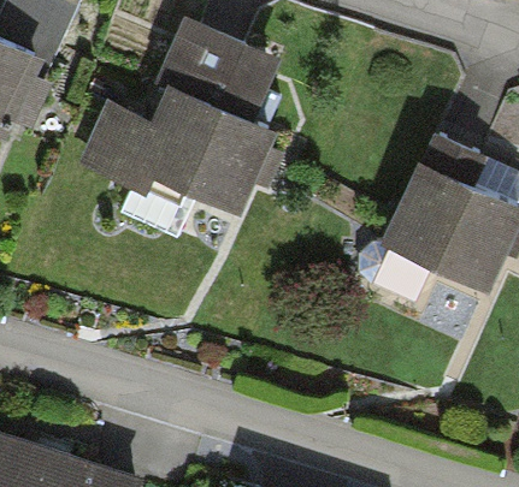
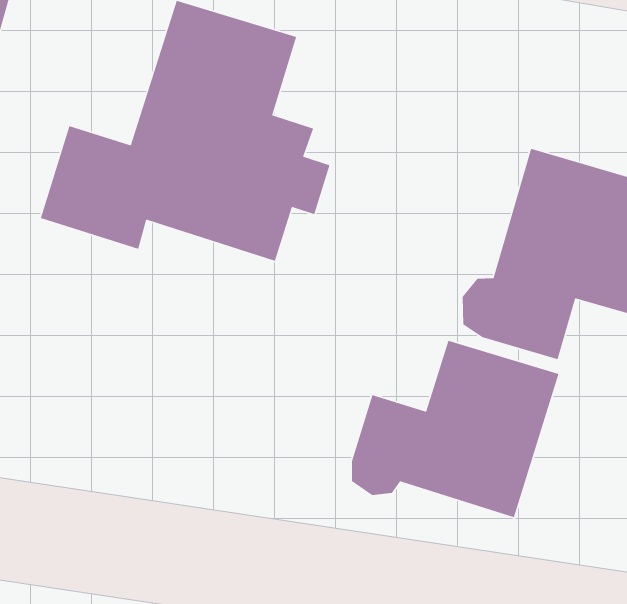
building: none -> [351,340,560,518]

